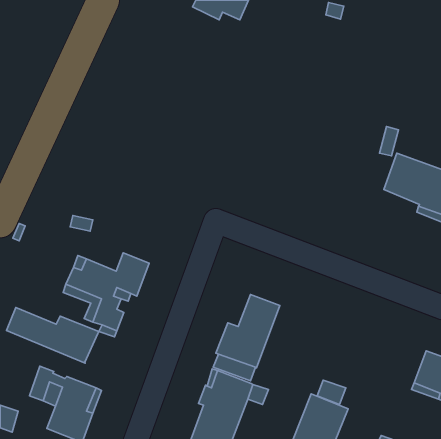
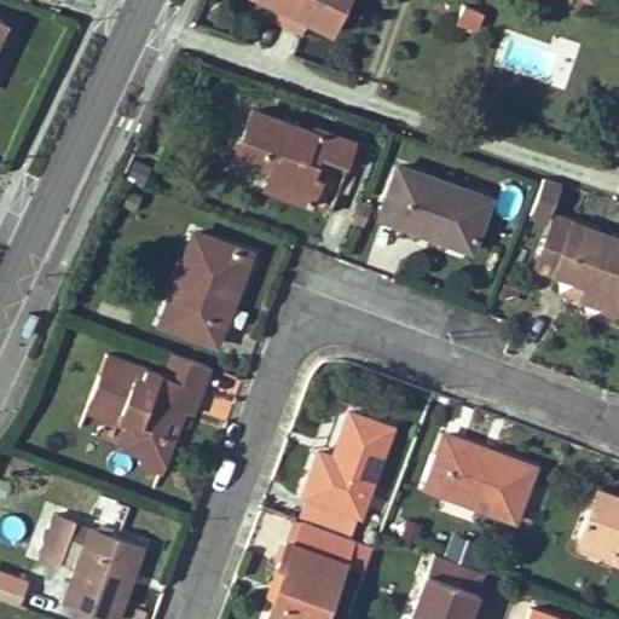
building: none -> [237,112,354,208]
building: none -> [382,168,492,253]
building: none -> [161,235,250,346]
building: [7,307,99,363] -> none
building: none -> [427,436,536,521]

